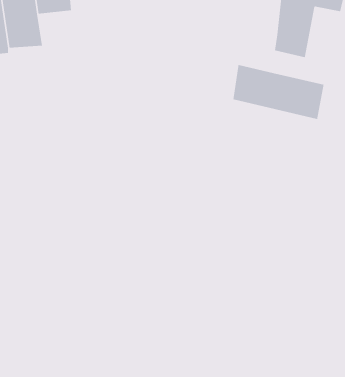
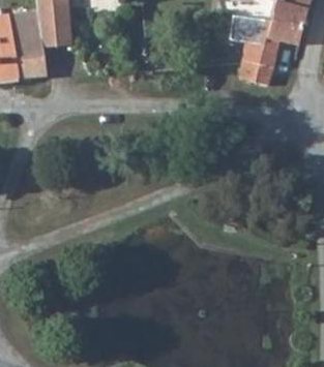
building: [233,64,324,120] -> none

